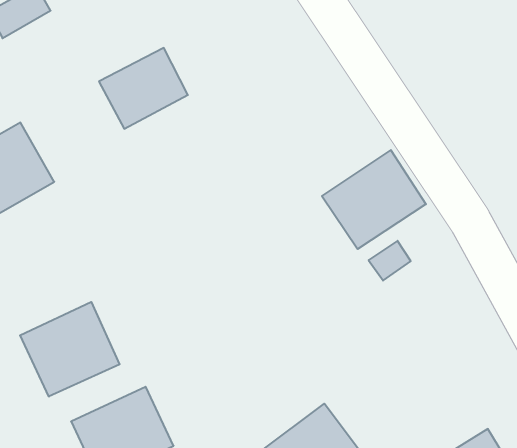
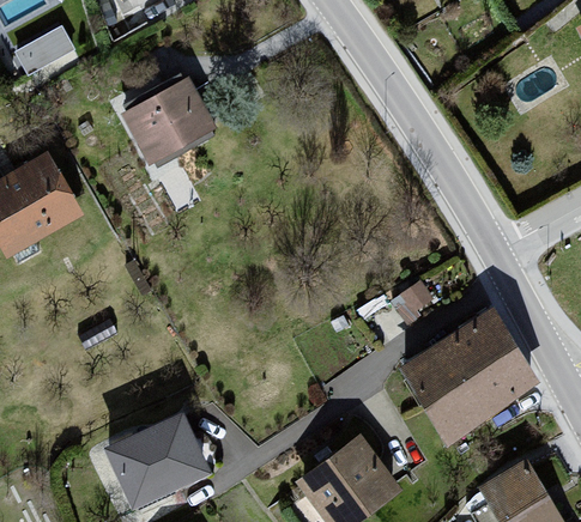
building: [322,150,426,249] -> none
building: none -> [394,308,534,439]
building: [20,302,120,397] -> none

